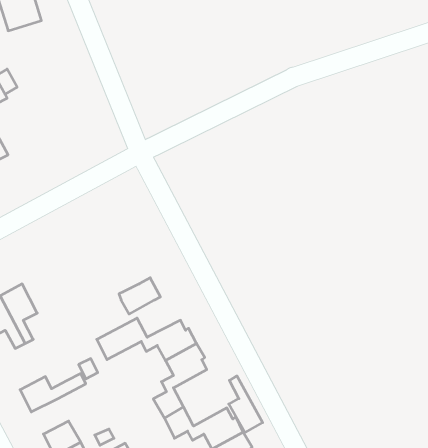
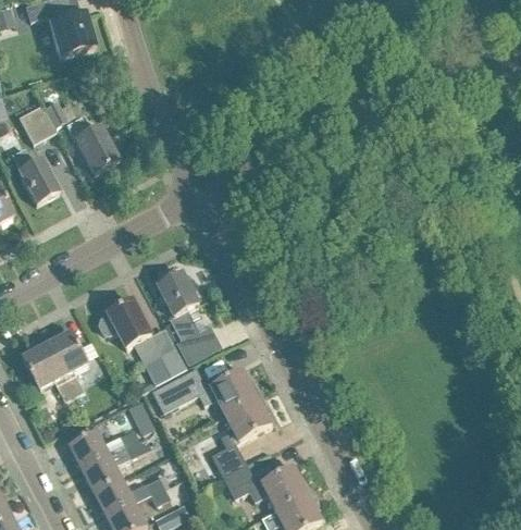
building: none -> [63,115,116,172]
building: none -> [157,271,199,338]
building: none -> [99,298,187,391]
building: [229,376,263,433] -> none
building: none -> [82,436,150,492]

